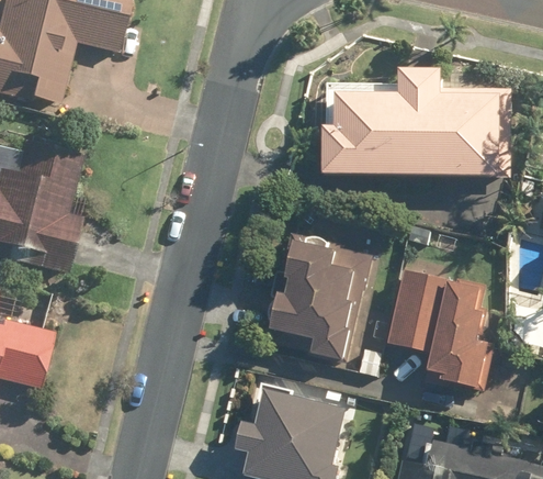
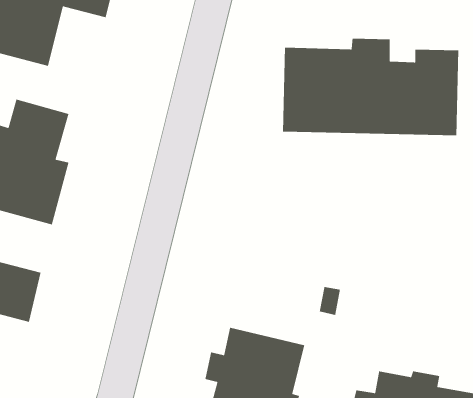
building: [267,241,374,363] -> none
building: [387,270,488,389] -> none

